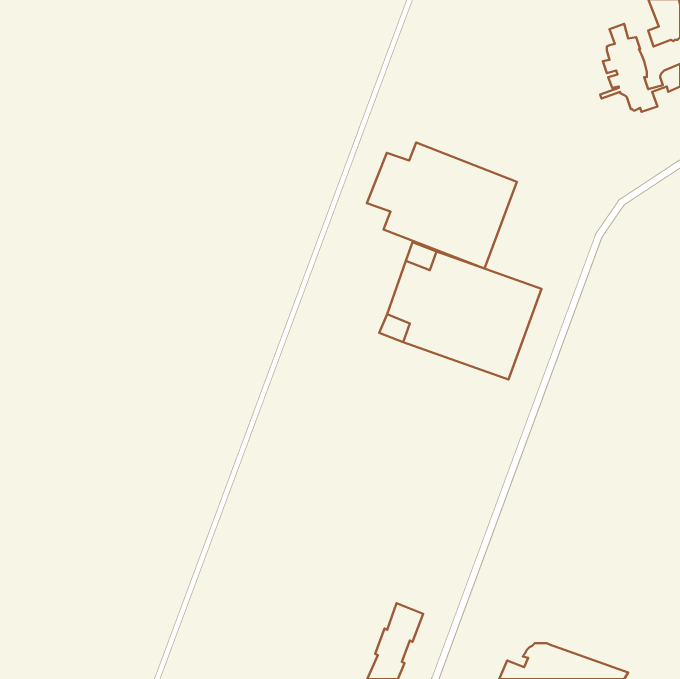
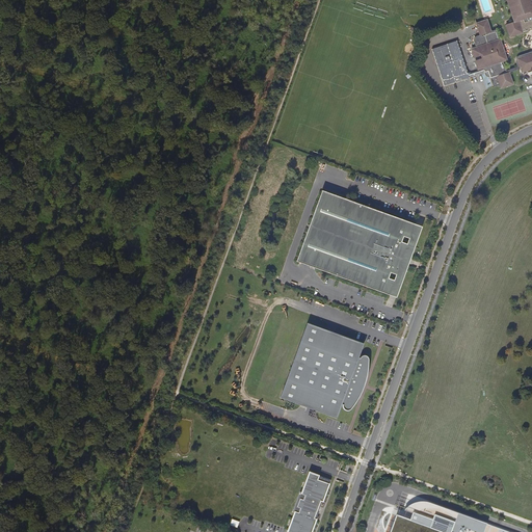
building: none -> [431,41,470,85]
building: [367,143,517,269] -> none
building: none -> [280,322,369,417]

